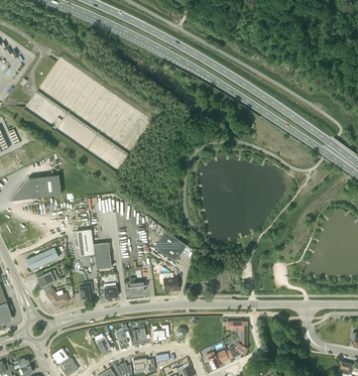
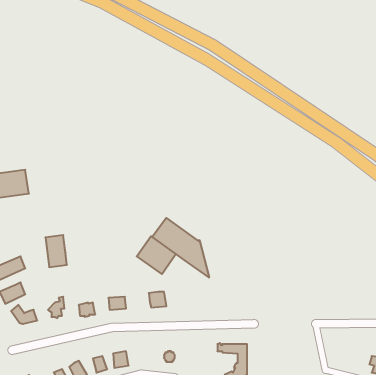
building: none -> [152,218,209,278]
building: [92,242,110,269] -> none

